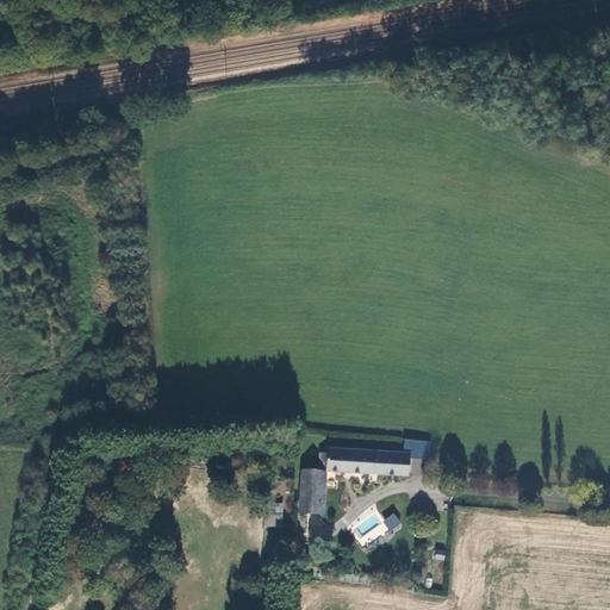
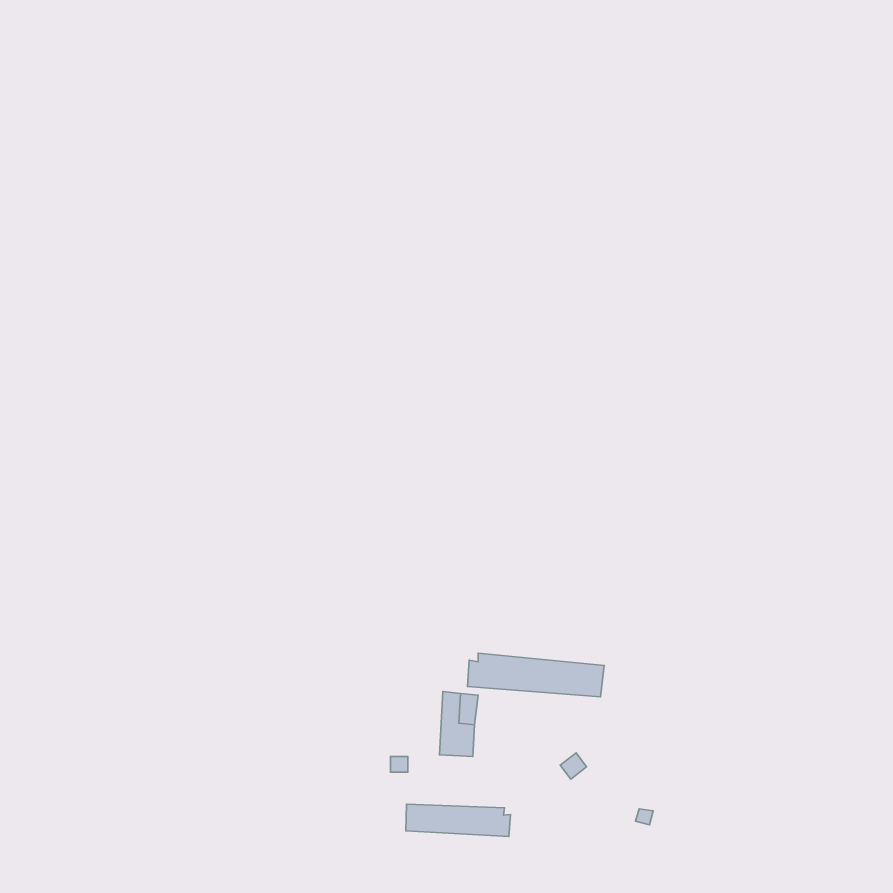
building: none -> [406,804,510,837]

